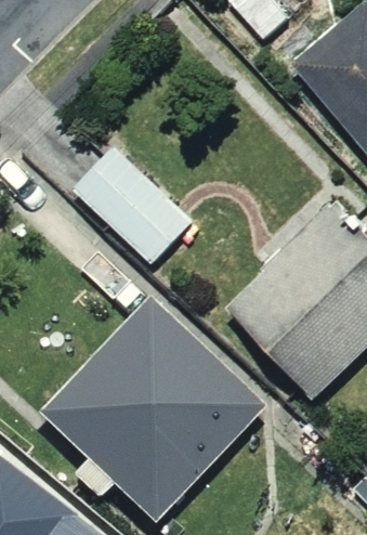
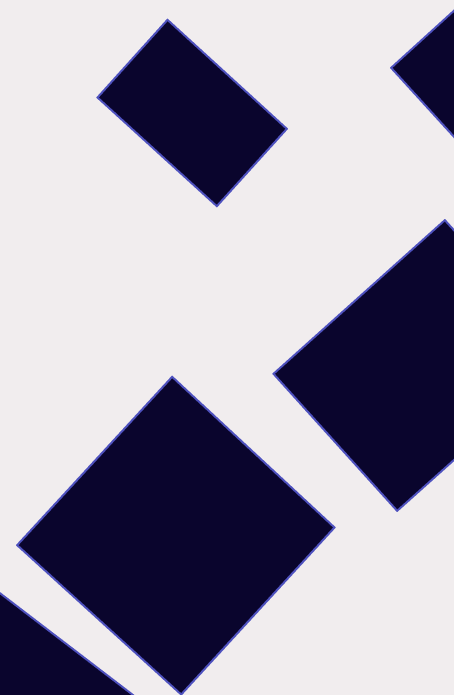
building: [68,141,206,276] -> [98,20,287,206]

